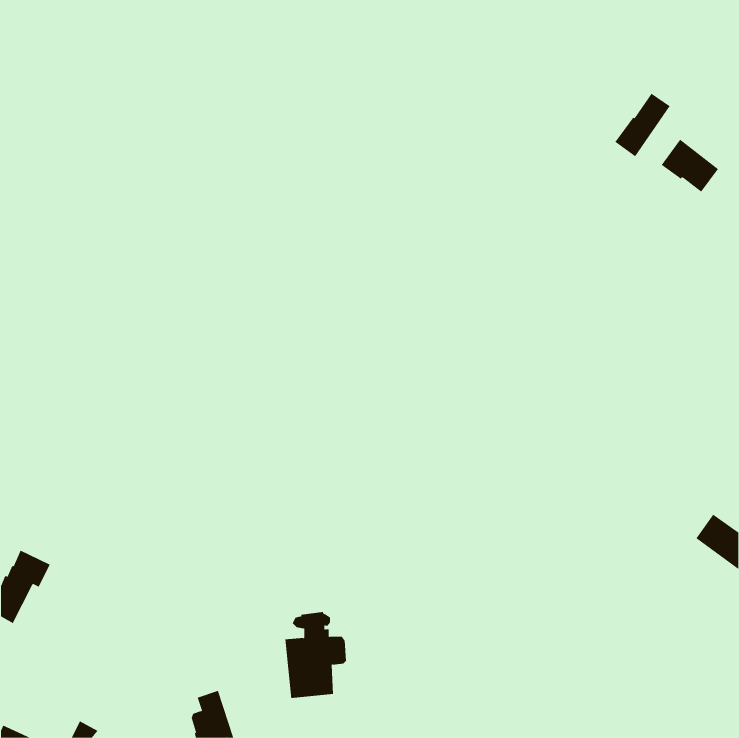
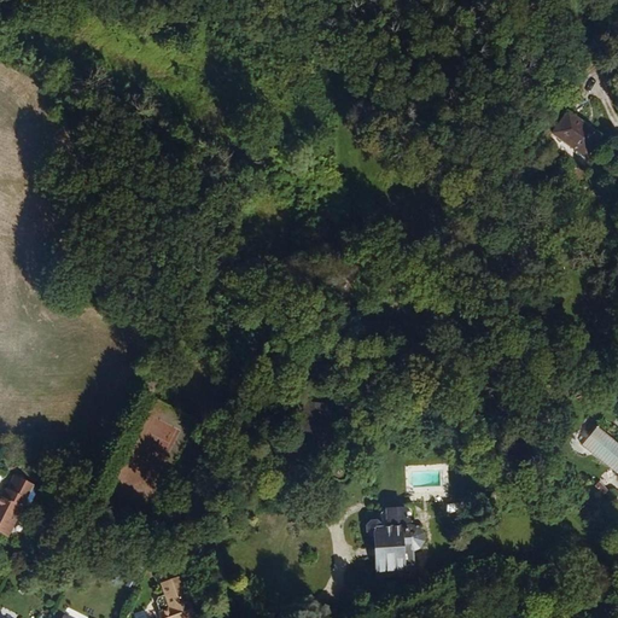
building: [615,93,671,157] -> none
building: [285,612,347,698] -> [372,503,424,576]

